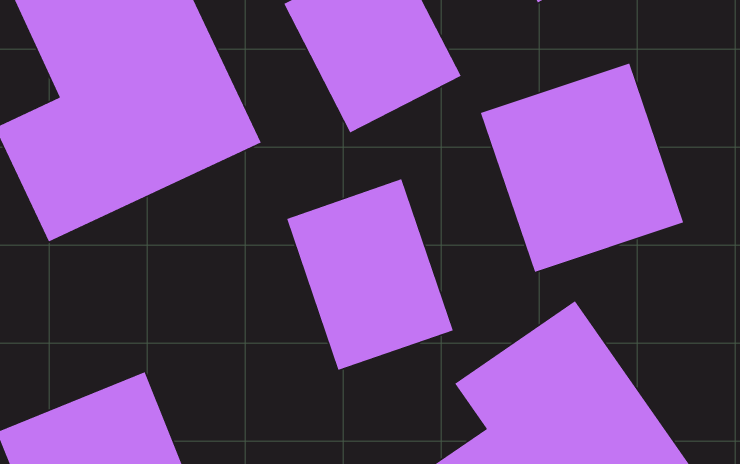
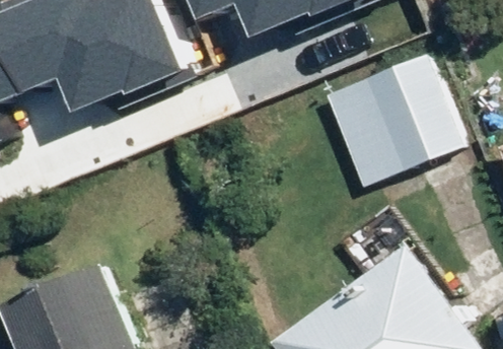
building: [286,178,454,371] -> none

